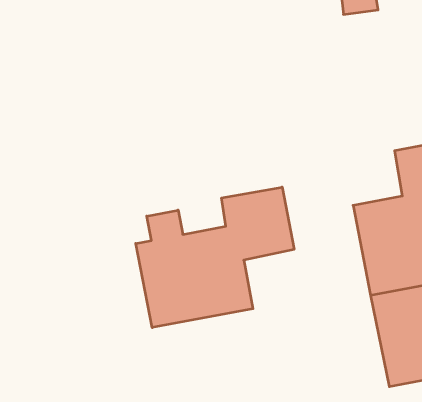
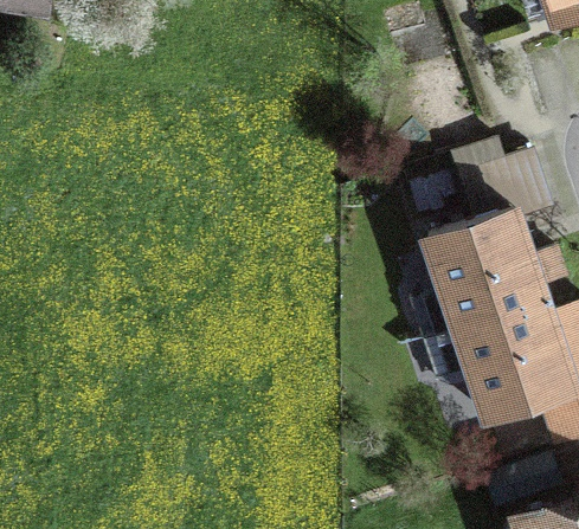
building: [136,187,294,328] -> none

